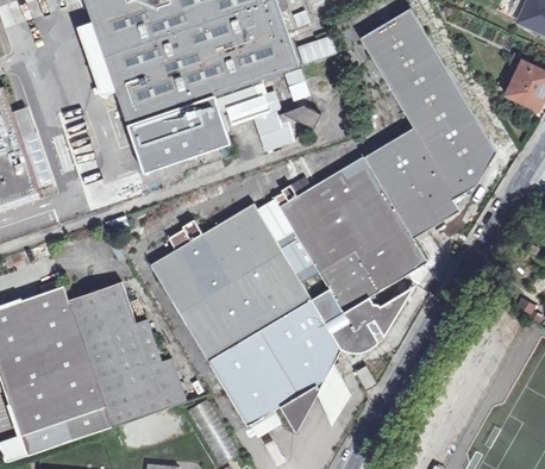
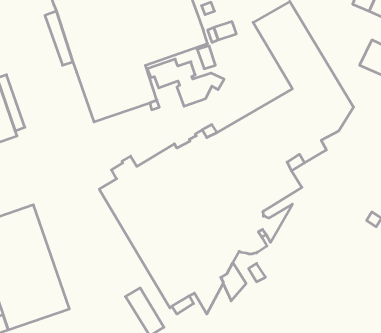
building: [61,281,187,427] -> none

